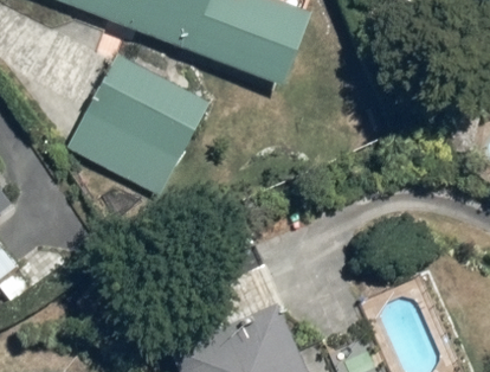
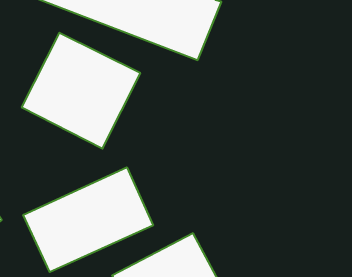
building: none -> [23,167,153,272]

